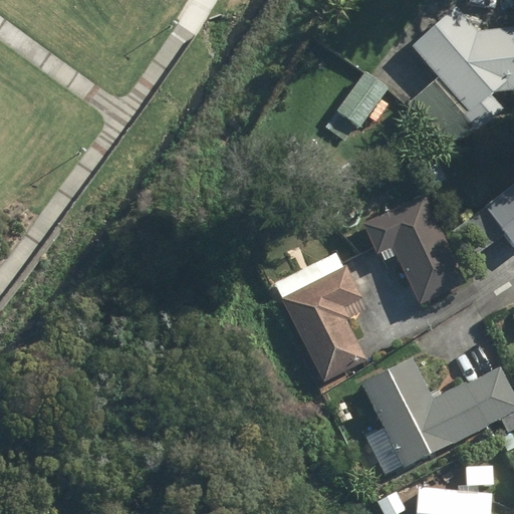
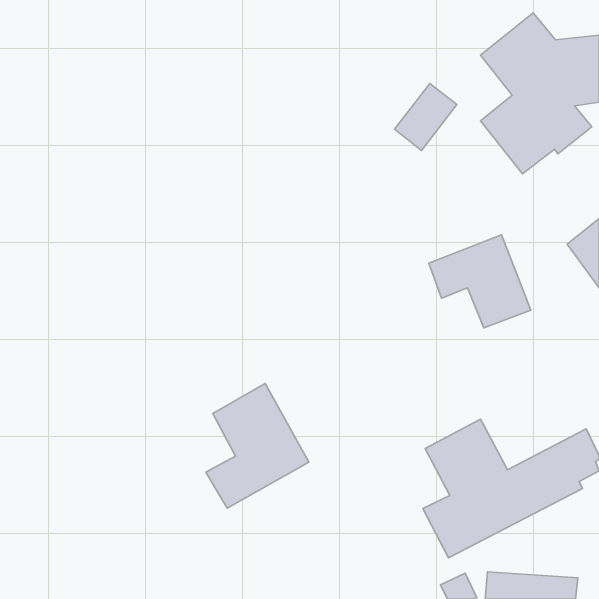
building: [270,250,369,384] -> none
building: none -> [206,384,309,508]

